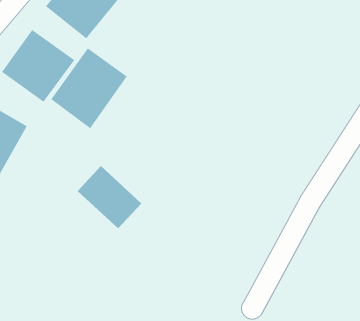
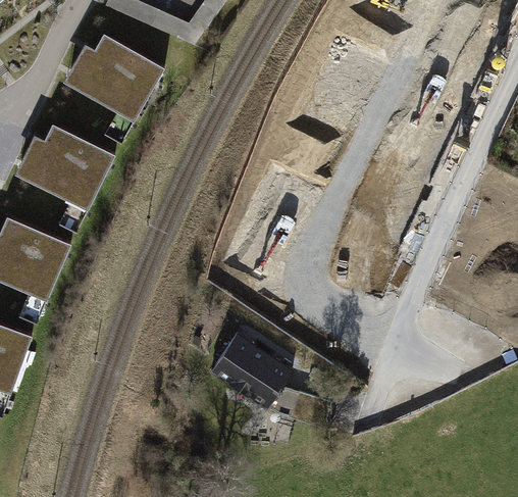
building: [50,48,127,129] -> none
building: [77,165,142,229] -> [212,333,294,407]

